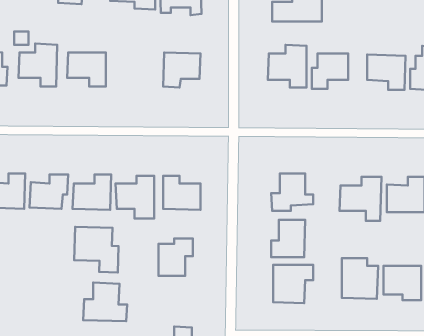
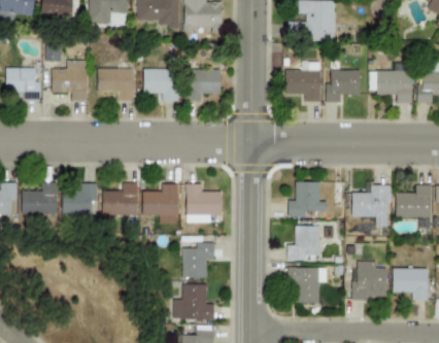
building: none -> [143,68,178,101]
building: [74,227,119,272] -> none
building: [83,283,127,321] -> [173,283,214,319]

